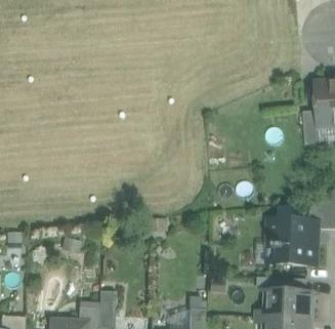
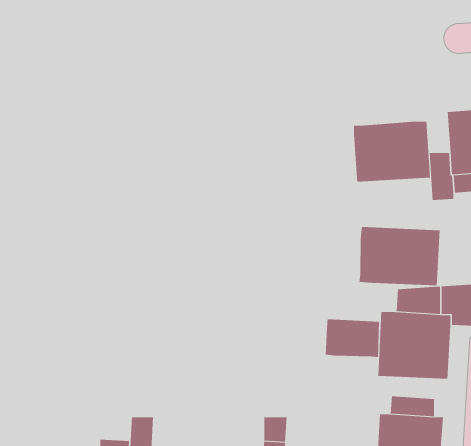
building: none -> [353,121,430,182]
building: none -> [359,226,440,286]
building: none -> [325,318,379,358]

